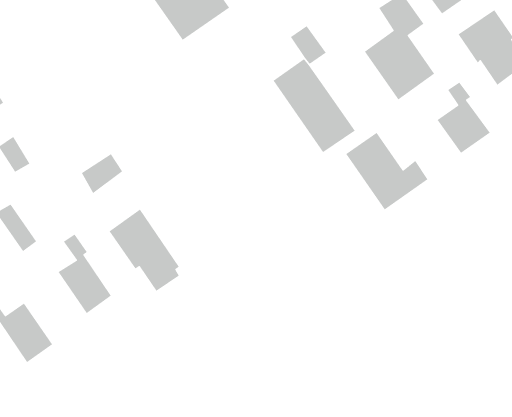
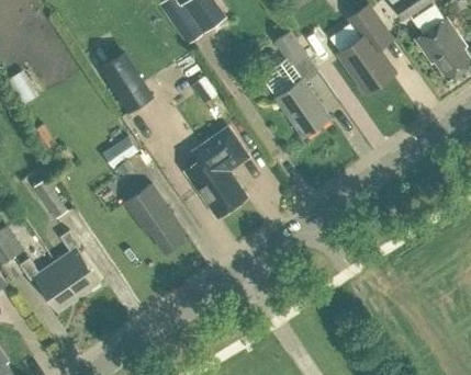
building: none -> [102,49,157,112]
building: [436,81,491,154] -> none
building: [345,132,429,210] -> none
building: none -> [186,127,248,216]
building: [58,234,112,314] -> [55,229,100,296]

